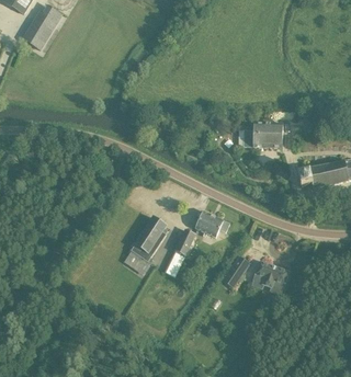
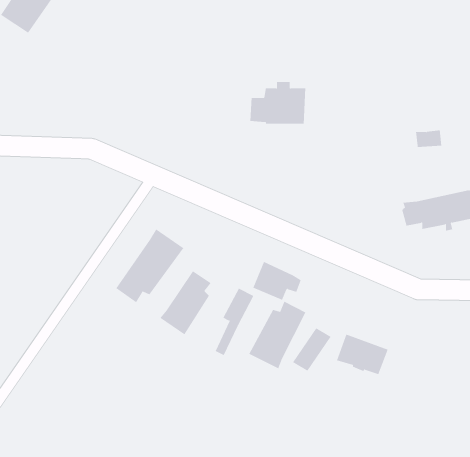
building: [244,118,283,148] -> [249,82,306,124]
building: none -> [116,229,184,303]
building: none -> [249,301,306,369]

